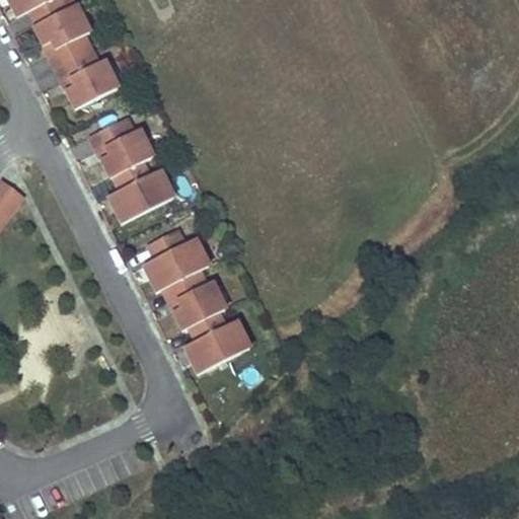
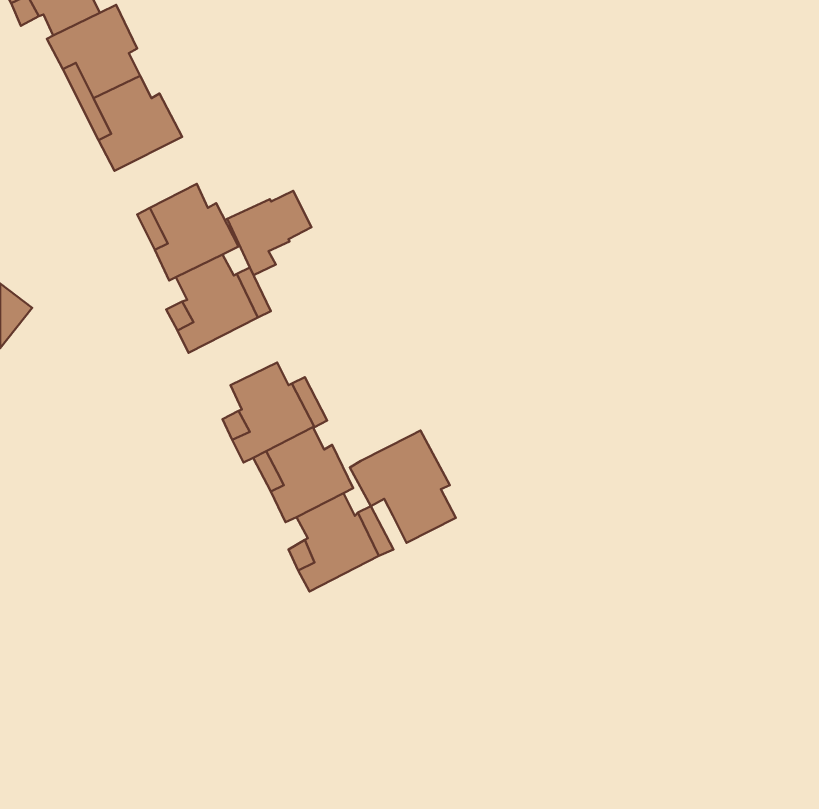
building: none -> [227,191,312,275]
building: none -> [350,430,456,543]

